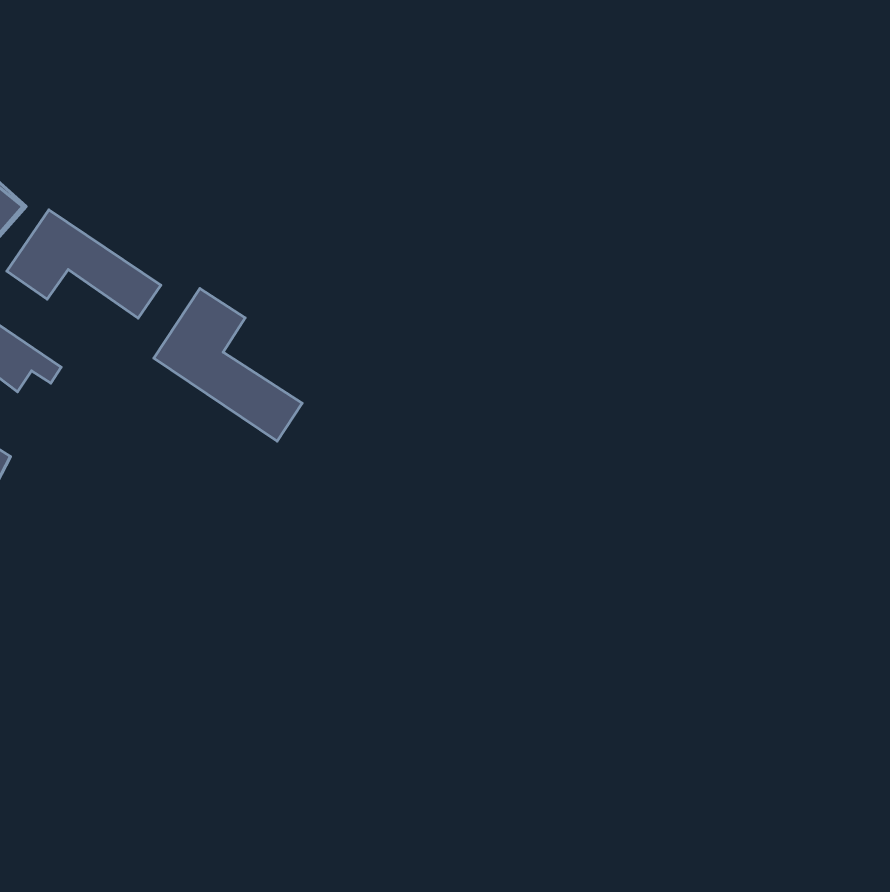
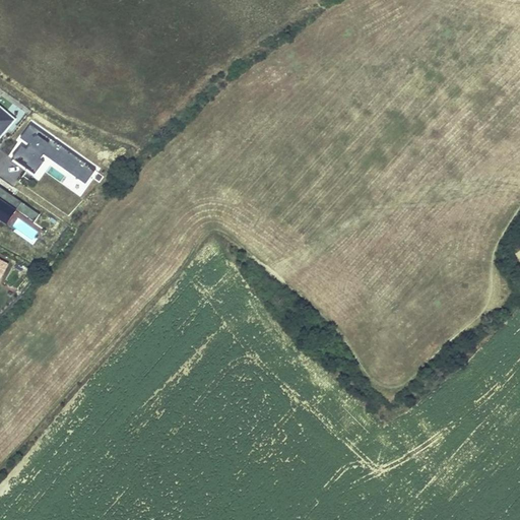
building: [154,288,302,441] -> none

